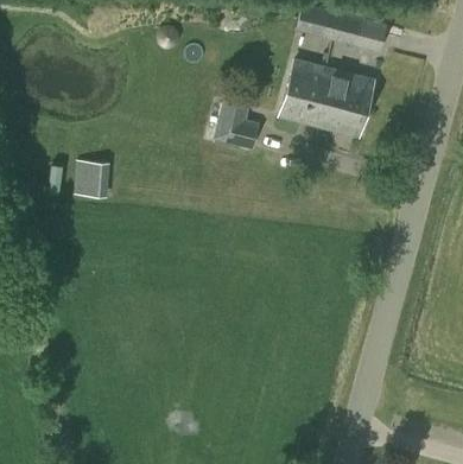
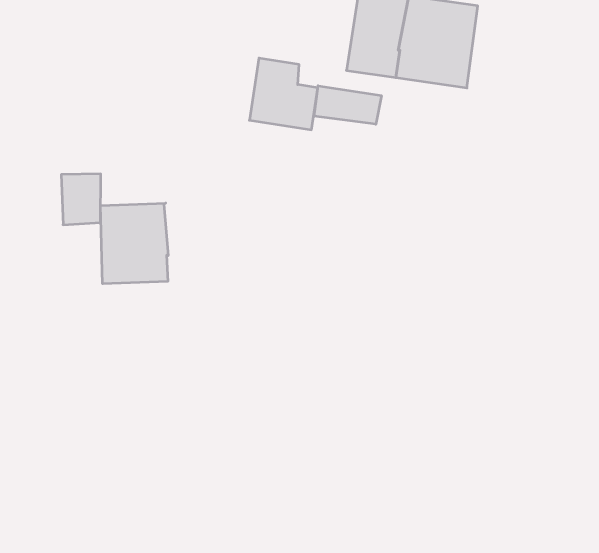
building: none -> [314,86,381,124]
building: none -> [101,203,168,284]

